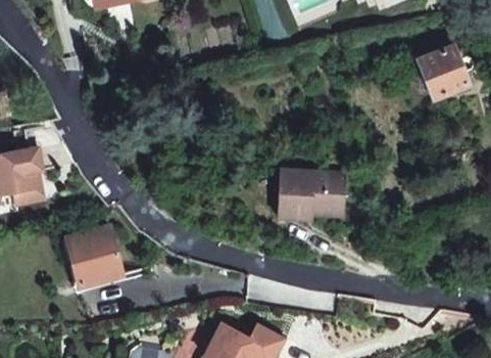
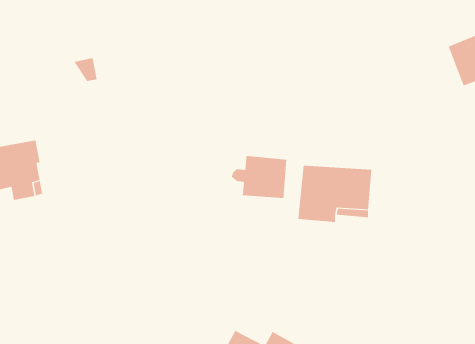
building: none -> [231,155,287,199]
building: [67,227,119,285] -> none

